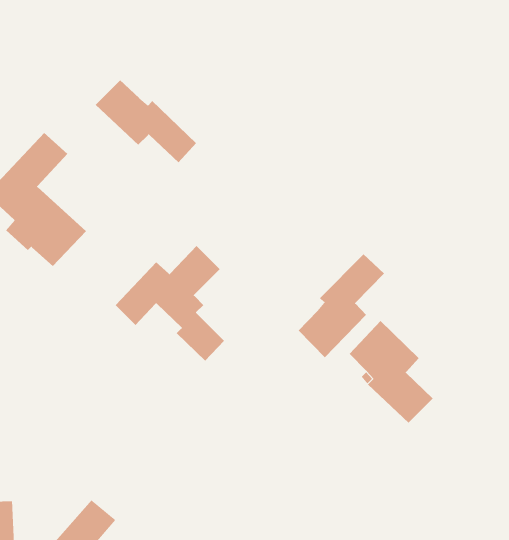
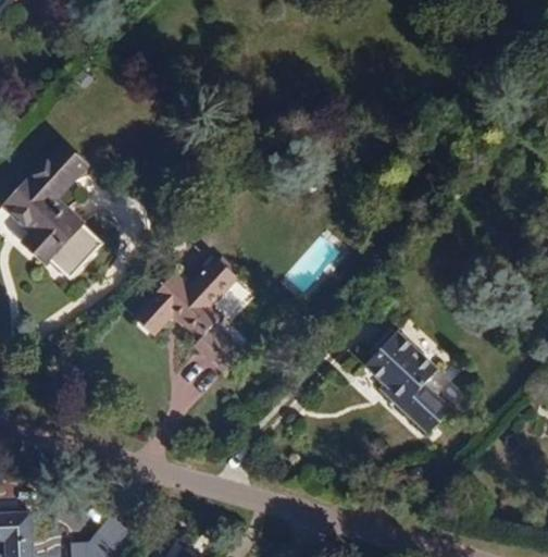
building: [95,80,197,163] -> none
building: [298,253,385,358] -> none

